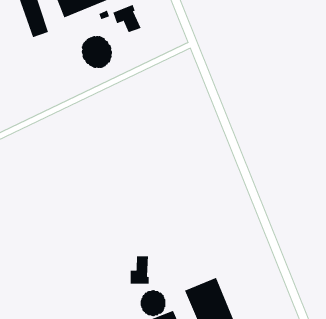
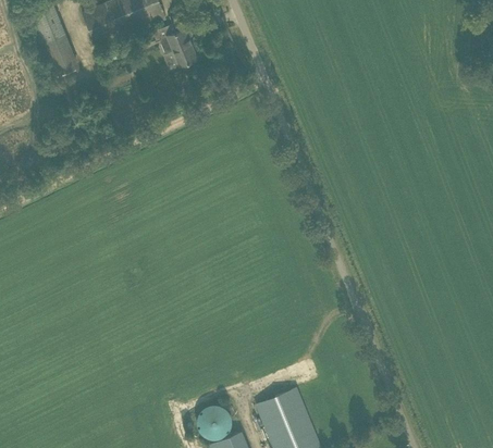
building: [81,35,113,69] -> none
building: [130,255,149,285] -> none

